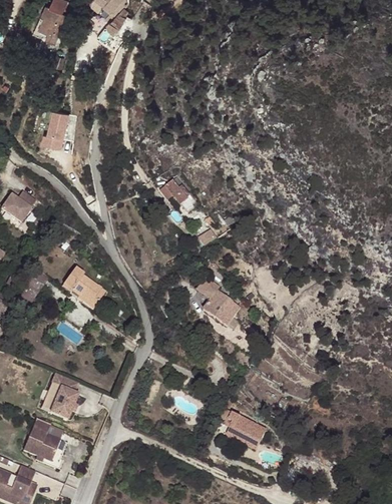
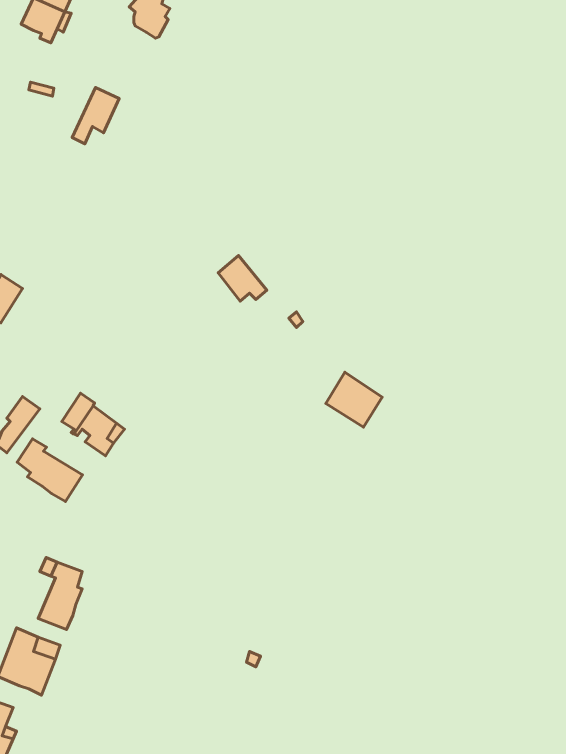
building: [41,119,71,155] -> [72,87,119,144]
building: [203,289,239,324] -> [326,372,382,427]
building: none -> [17,439,83,502]
building: [220,414,261,449] -> none

